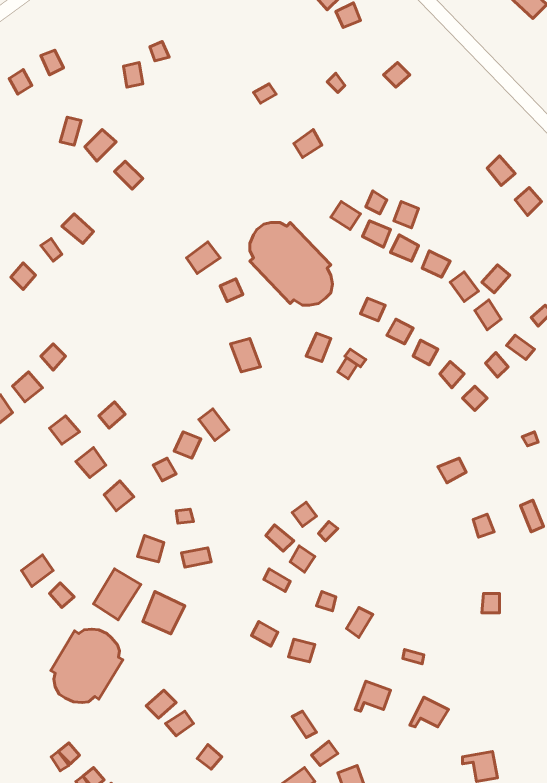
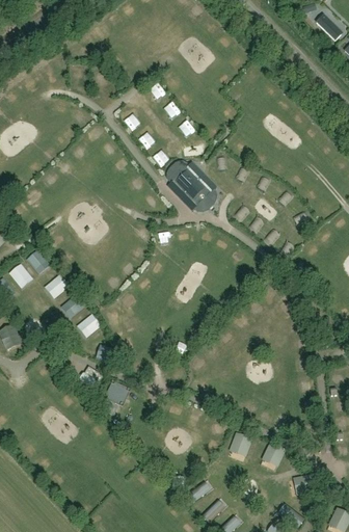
building: [51,629,123,703] -> none

